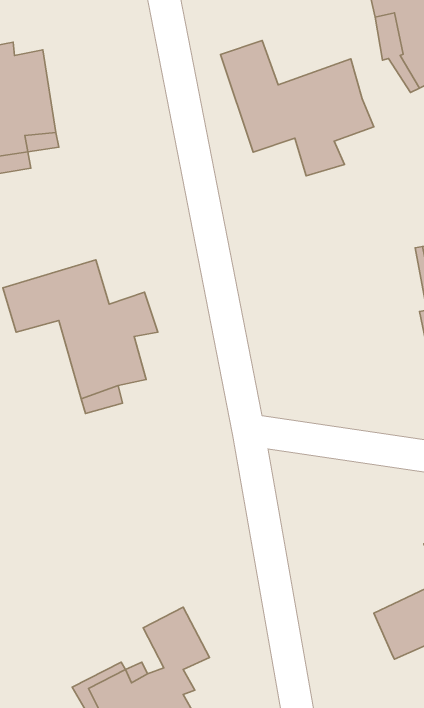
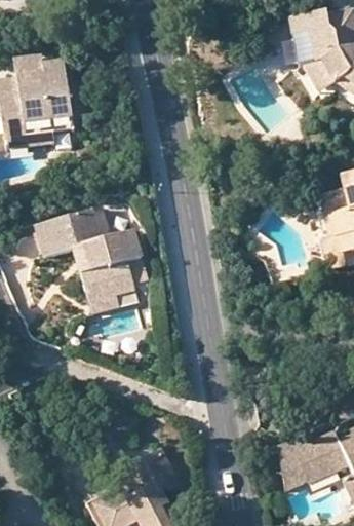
building: [221,41,374,176] -> none
building: none -> [270,446,307,491]

